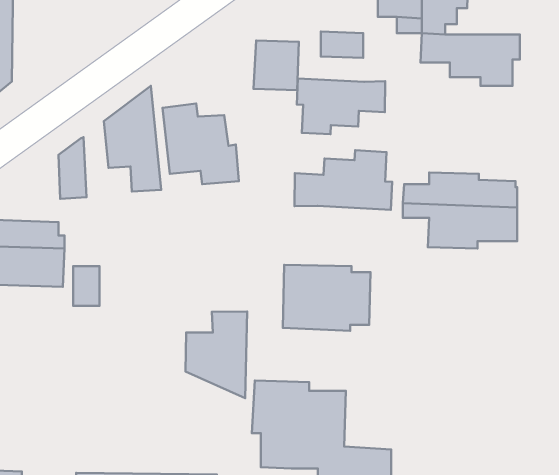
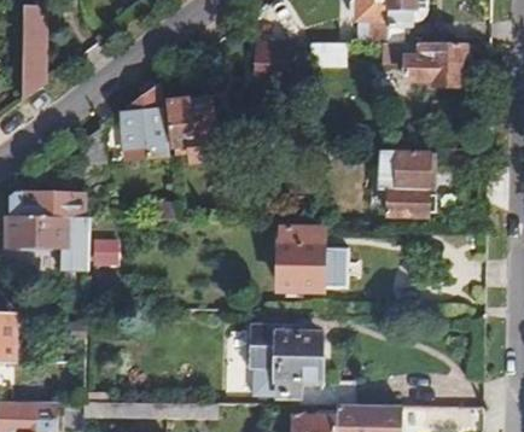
building: [297,78,385,134] -> none
building: [295,150,392,210] -> none
building: [186,312,247,398] -> none

